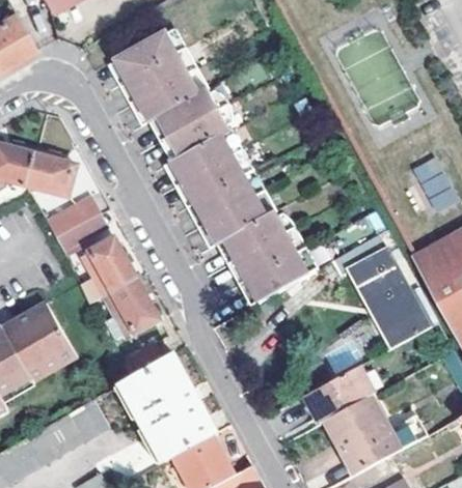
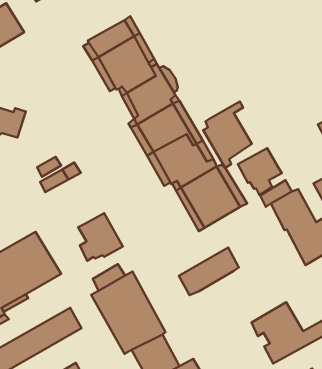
building: none -> [203,101,252,168]
building: [25,150,76,196] -> none
building: none -> [238,148,282,195]
building: [81,238,136,294] -> none
building: [299,365,376,426] -> [179,247,239,295]

